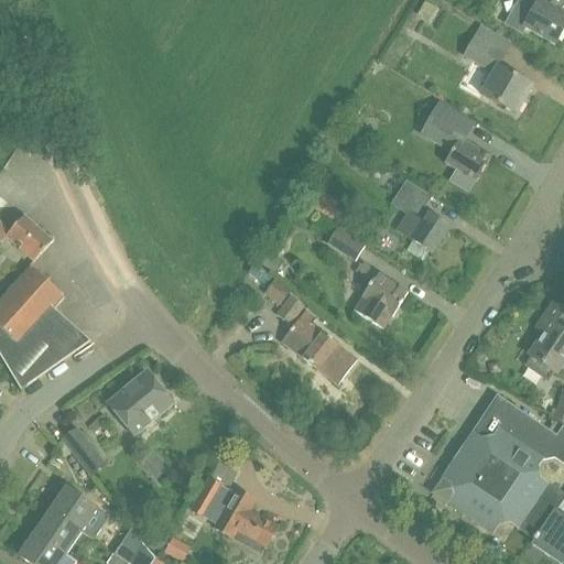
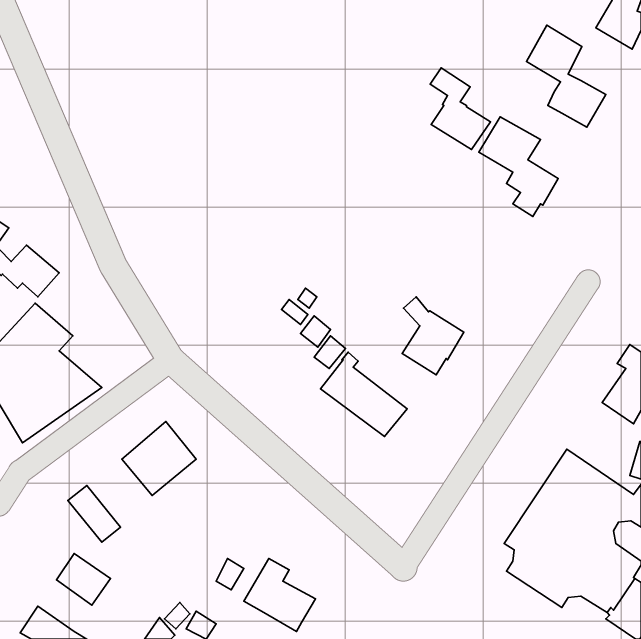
building: [395,178,448,250] -> [430,68,490,150]
building: [326,226,365,260] -> none
building: [33,508,80,553] -> none

